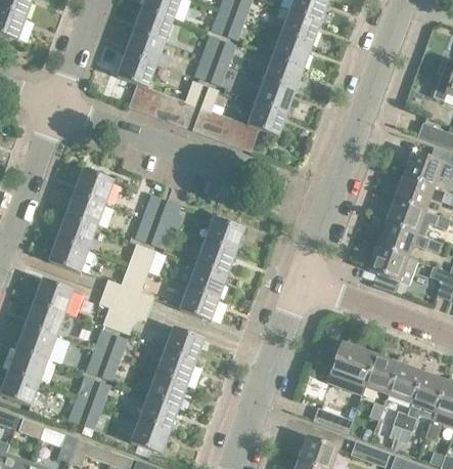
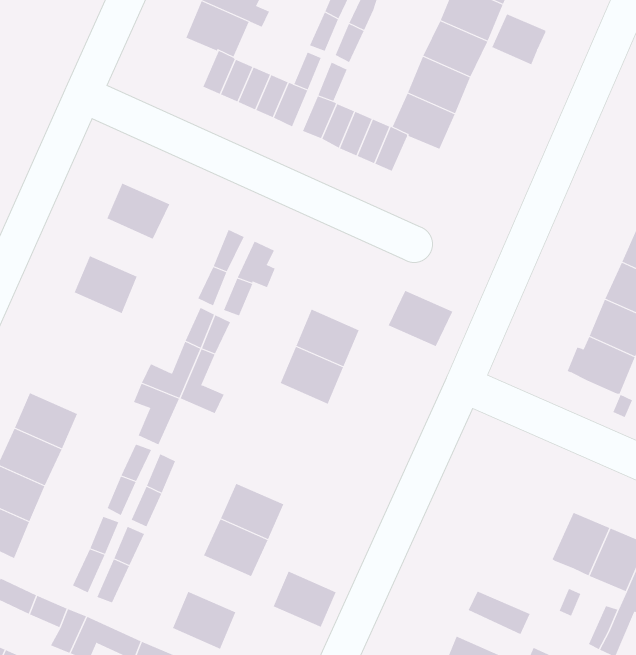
building: none -> [491,14,546,65]
building: [65,191,104,226] -> none
building: [205,217,244,251] -> [388,290,453,347]
building: [49,239,88,272] -> none
building: [34,279,73,313] -> none
building: [176,284,219,321] -> none
building: [116,300,149,335] -> none
building: [165,327,203,361] -> none
building: [327,341,374,394] -> none
building: [139,396,178,430] -> [273,571,336,628]

